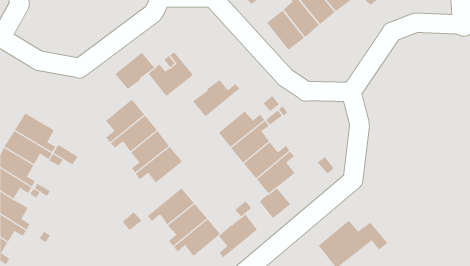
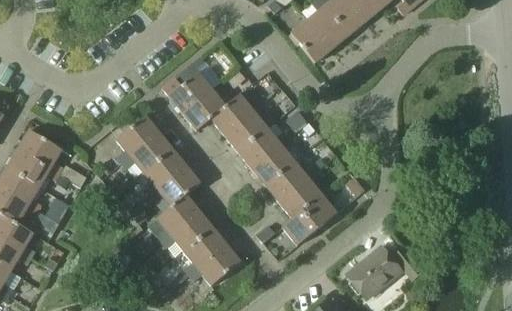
building: [114,52,155,90] -> [182,88,226,129]
building: none -> [224,103,267,151]
building: none -> [302,194,337,228]
building: [218,214,258,258] -> [156,193,199,241]

